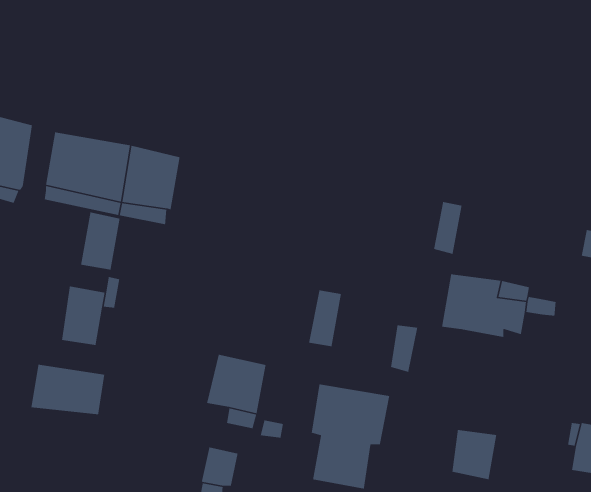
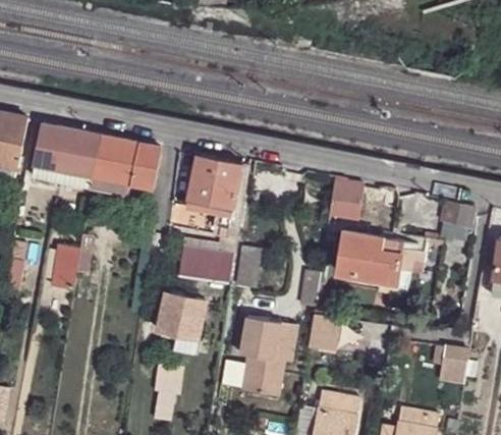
building: none -> [189,153,243,210]
building: [80,211,121,270] -> [132,143,163,187]
building: none -> [180,243,233,283]
building: [30,364,105,415] -> none
building: [452,429,497,480] -> [307,313,341,351]

